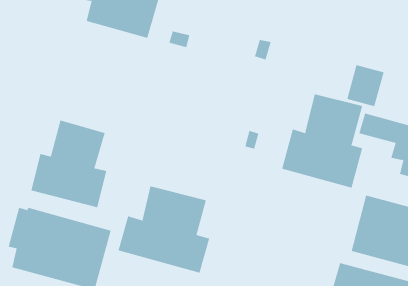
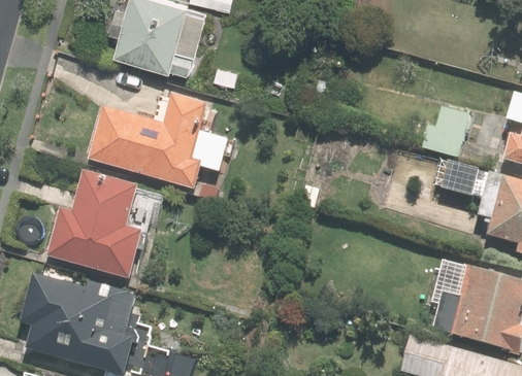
building: none -> [87,97,228,191]
building: [282,93,363,188] -> none
building: [118,185,210,273] -> none

